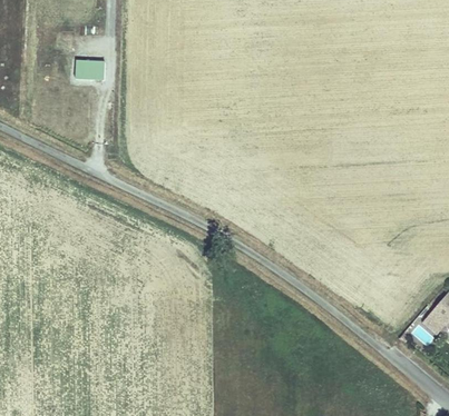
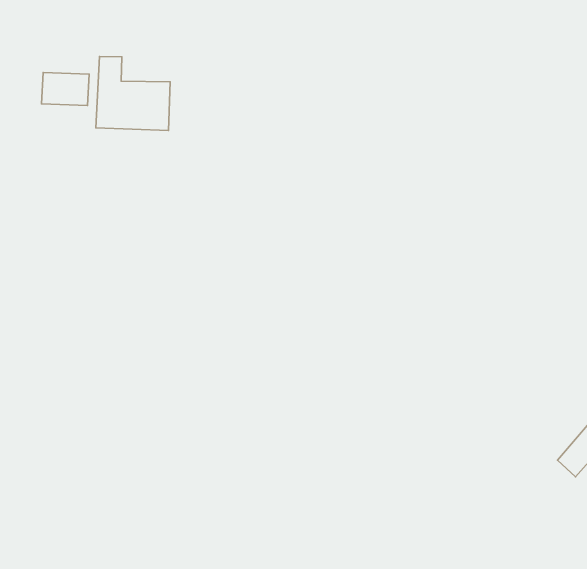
building: none -> [96,57,170,130]

